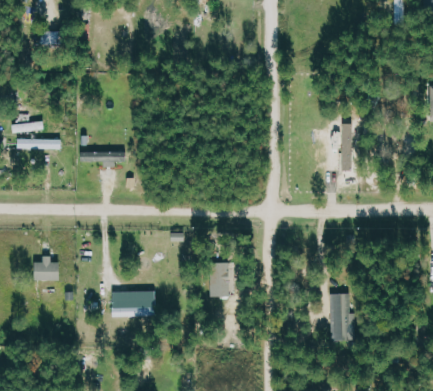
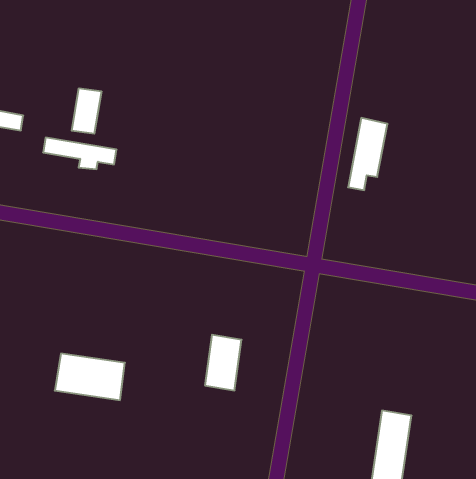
building: none -> [72,88,101,134]
building: [340,123,359,170] -> [348,118,388,190]

